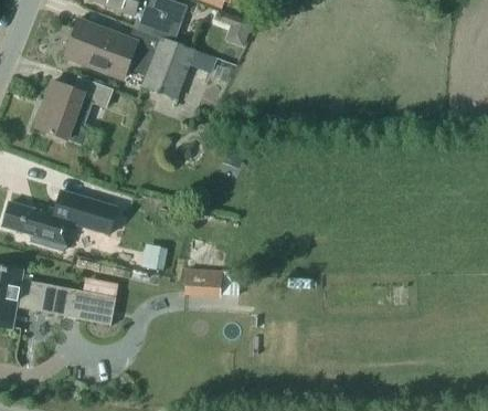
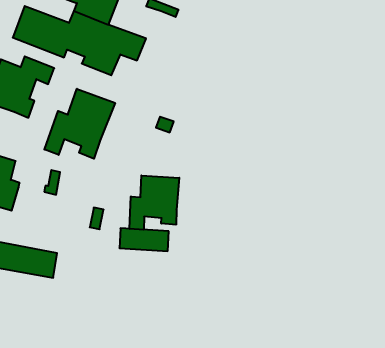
building: none -> [44,89,115,159]
building: [63,193,104,230] -> none
building: none -> [130,175,179,230]

